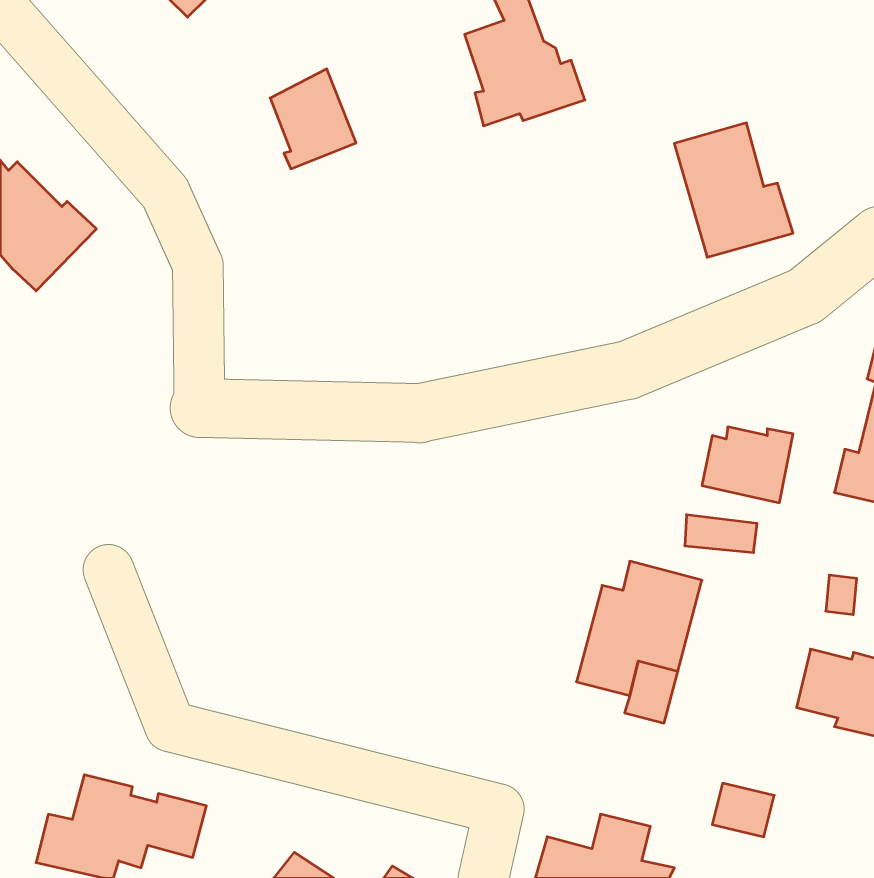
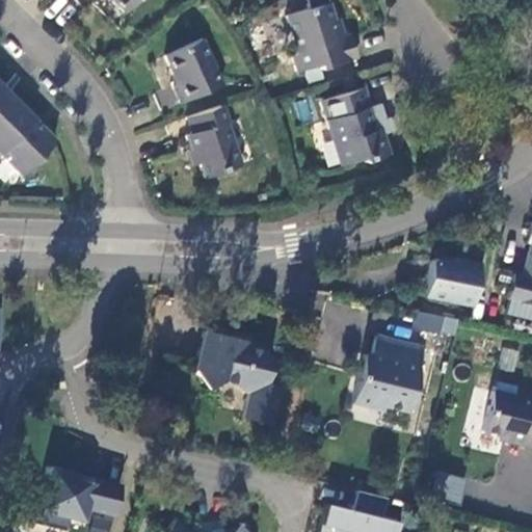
building: [674,123,793,257] -> [321,92,393,174]
building: none -> [187,107,235,182]
building: none -> [202,327,282,422]

